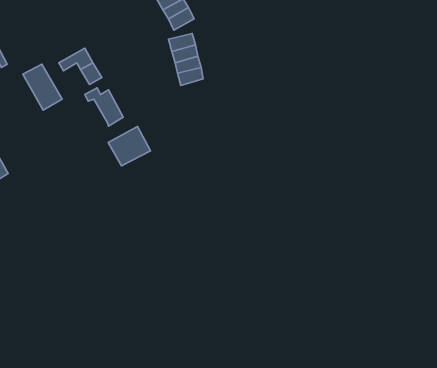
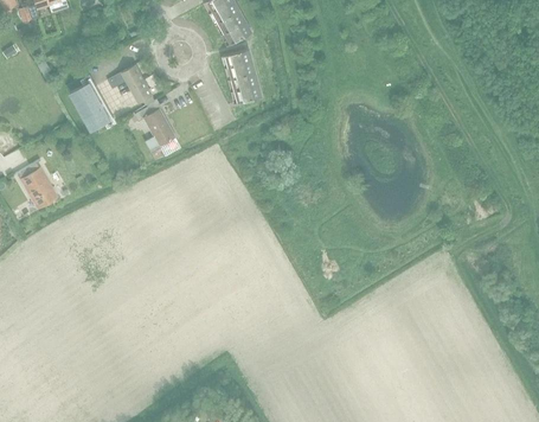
building: [108,126,150,166] -> none

